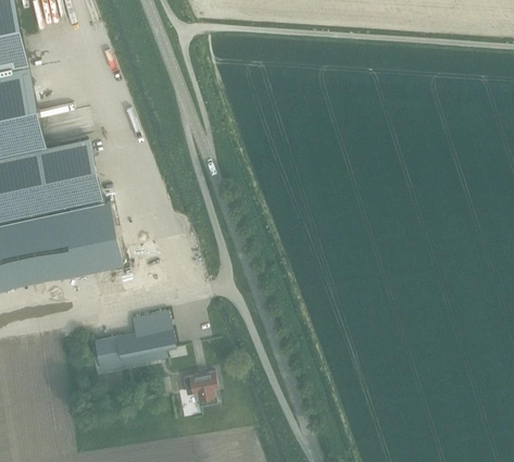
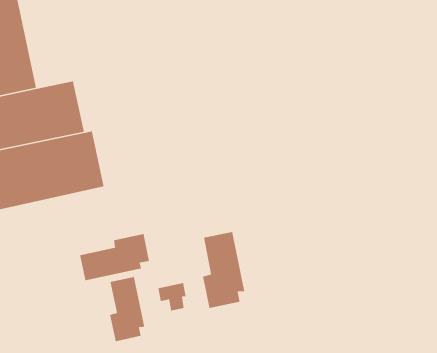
building: none -> [202,231,245,309]
building: none -> [109,276,145,342]

